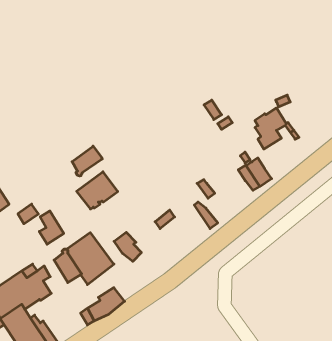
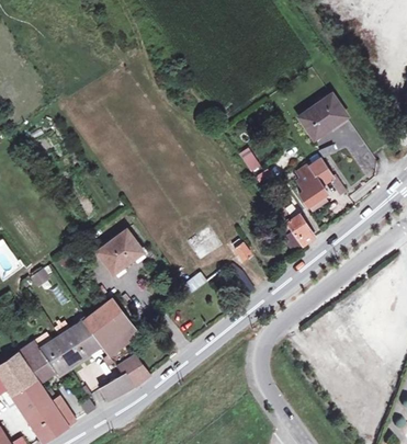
building: none -> [301,94,347,137]
building: [72,146,102,176] -> none
building: [39,211,64,244] -> [59,328,87,365]
building: [114,232,141,261] -> none

